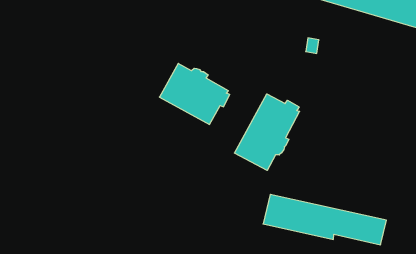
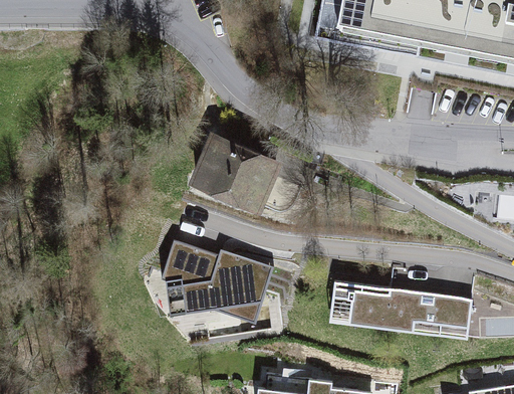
building: [234,94,300,170] -> none
building: none -> [163,240,273,316]

